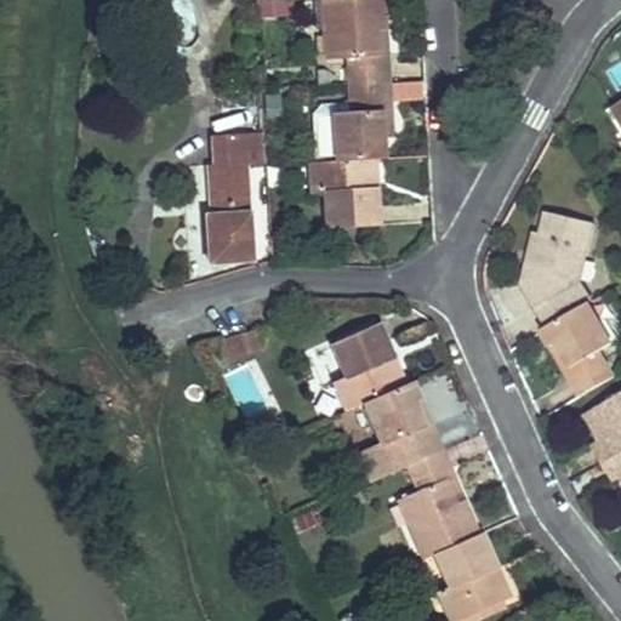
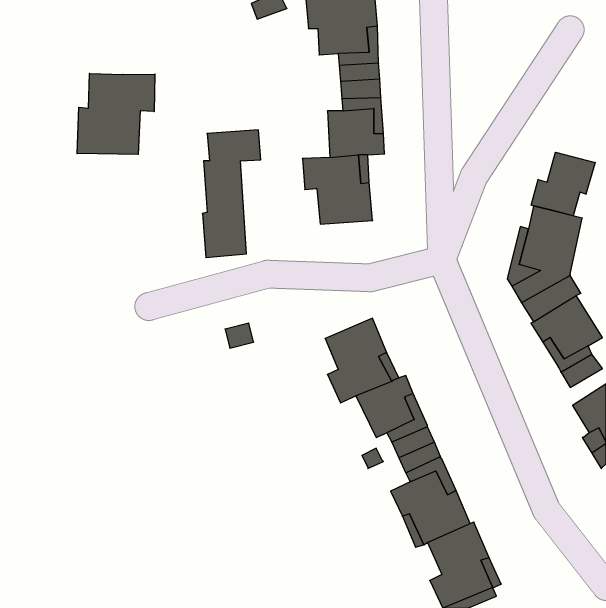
building: none -> [77,73,155,154]
building: none -> [531,152,595,216]

